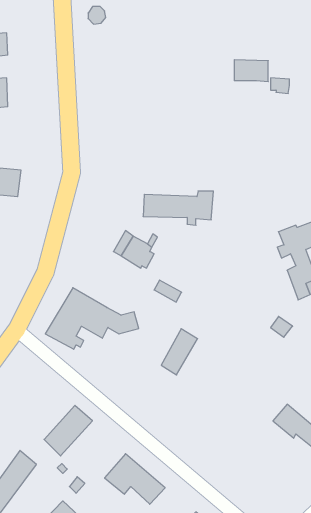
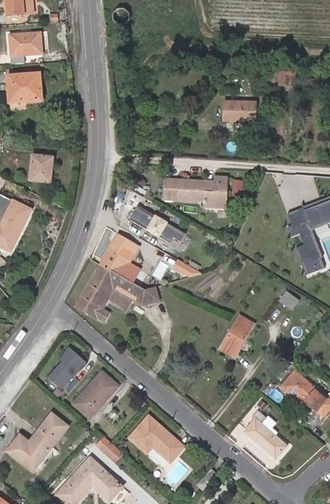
building: [234,60,268,82] -> [224,101,255,121]
building: none -> [100,233,143,282]
building: [161,329,198,375] -> [221,314,254,356]
building: none -> [49,346,88,388]
building: none -> [246,410,286,456]

